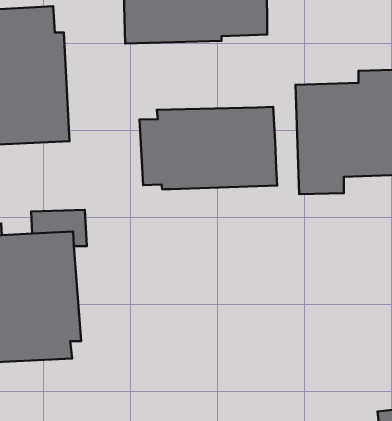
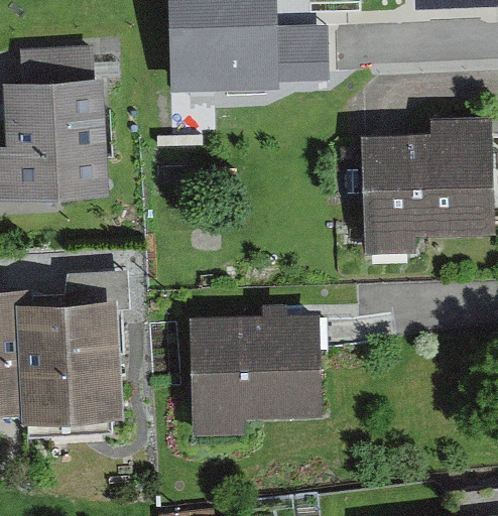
building: [140,107,277,189] -> none
building: none -> [189,305,323,437]

